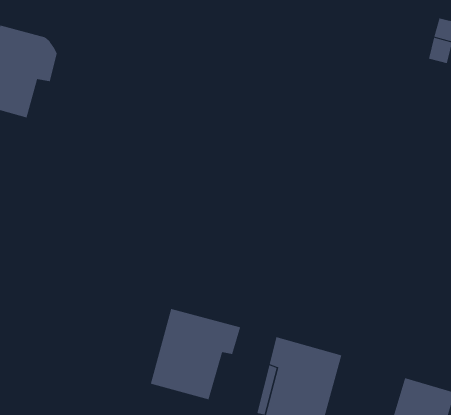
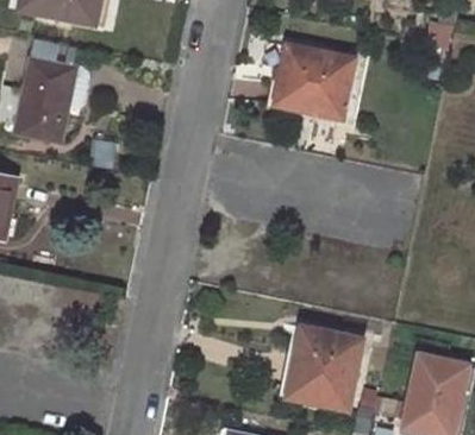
building: none -> [275,45,352,118]
building: [150,308,241,400] -> none

